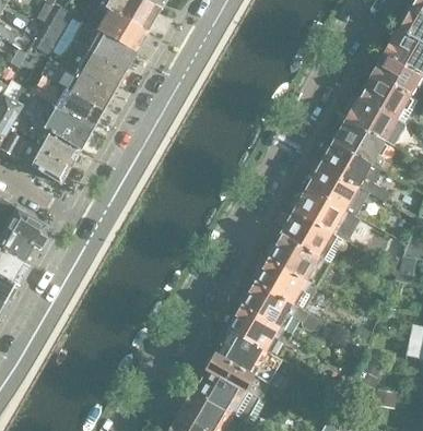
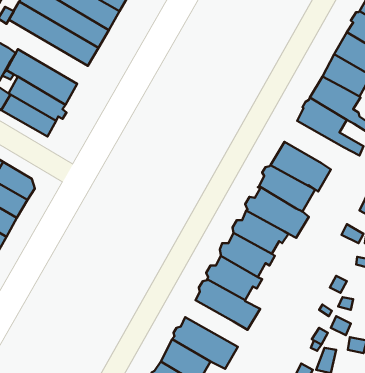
building: [32,73,104,128] -> none
building: [307,166,368,216] -> none
building: [204,351,269,399] -> none

